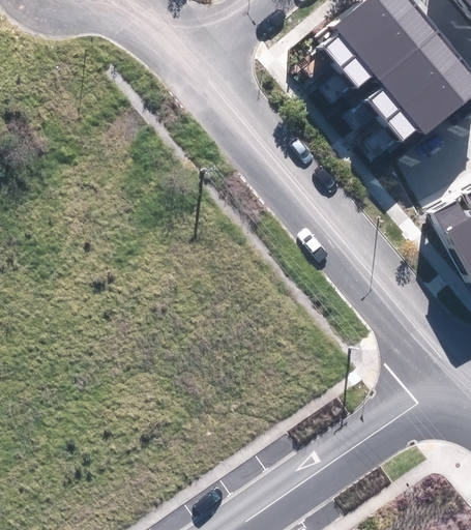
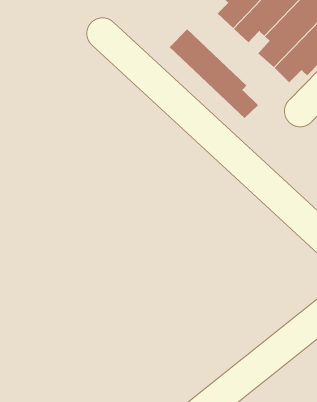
building: none -> [169,28,259,119]

